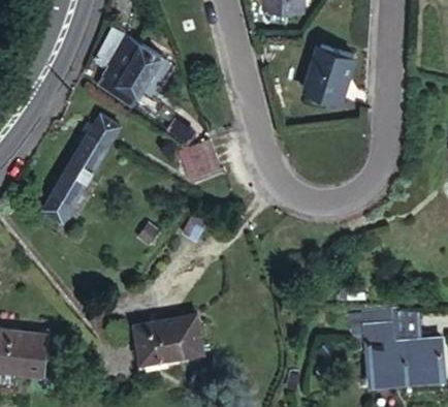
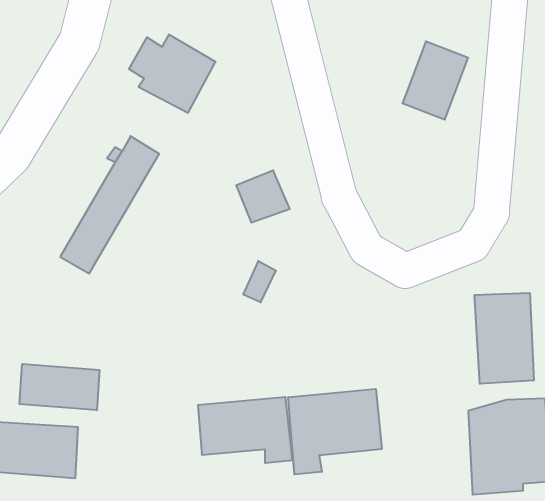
building: none -> [475,293,534,384]
building: none -> [20,364,99,410]
building: none -> [288,389,382,474]

